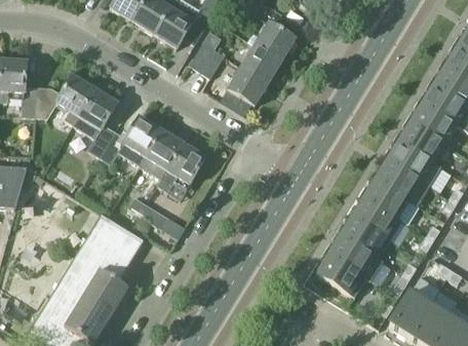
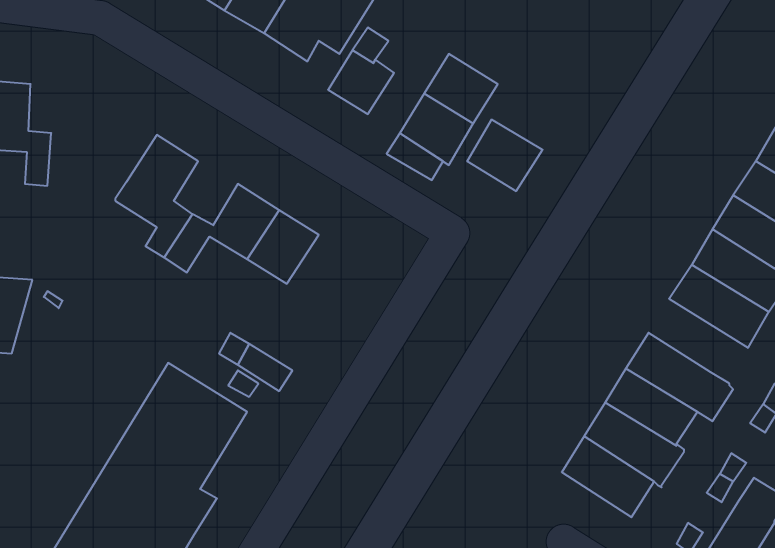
building: [254,22,295,61] -> [467,120,543,191]
building: [35,75,94,123] -> none
building: [156,143,206,191] -> none
building: [362,178,418,224] -> none

